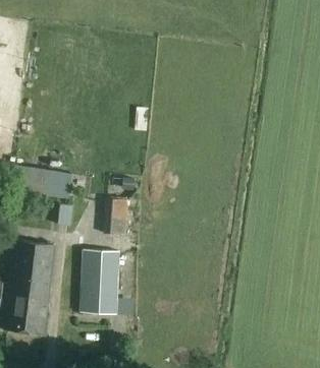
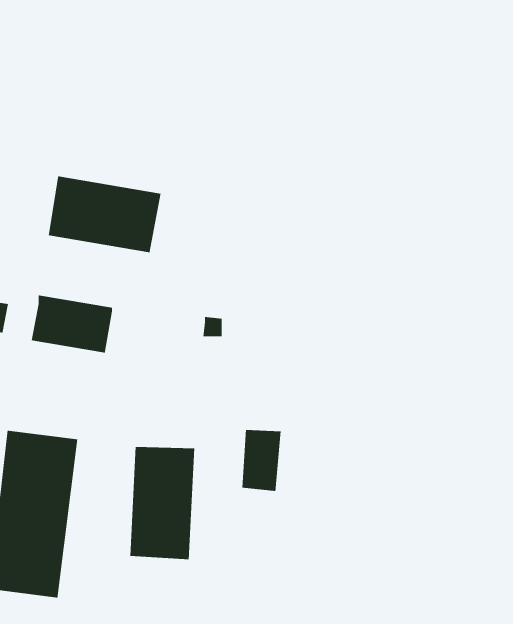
building: none -> [48,176,161,253]
building: [106,199,128,234] -> [241,429,282,492]

